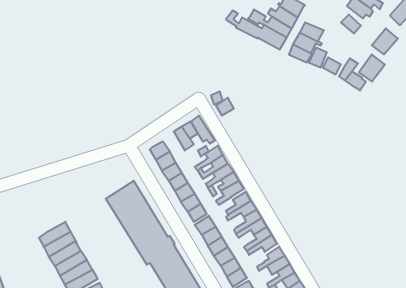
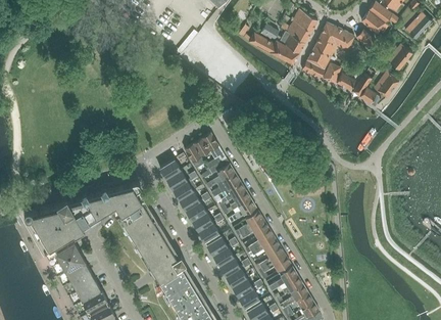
building: none -> [318,22,354,51]
building: none -> [23,183,144,247]

